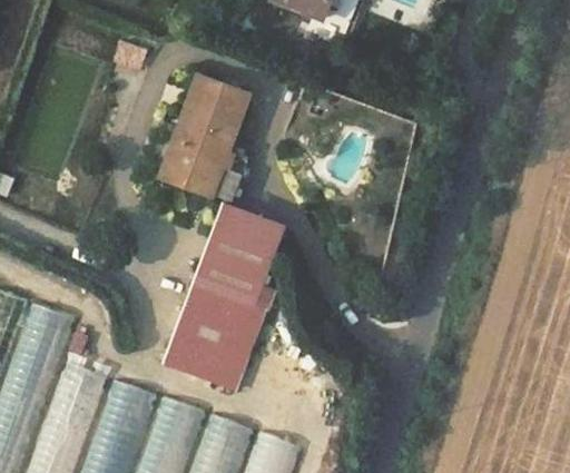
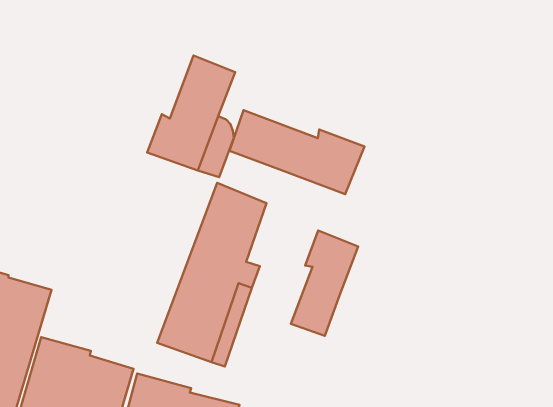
building: none -> [229,110,364,194]
building: none -> [291,231,358,336]

